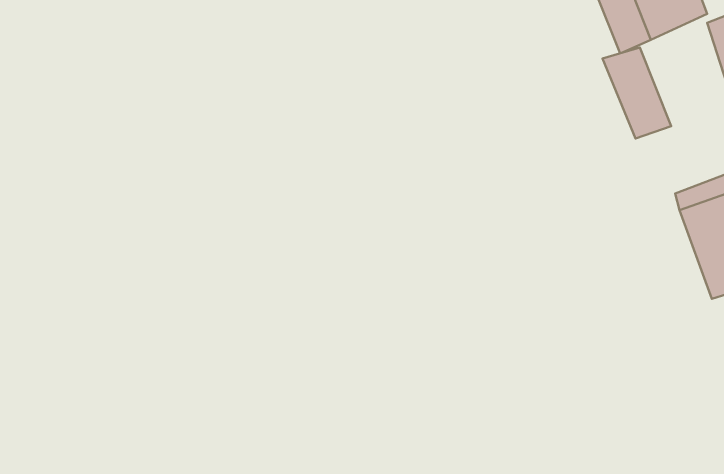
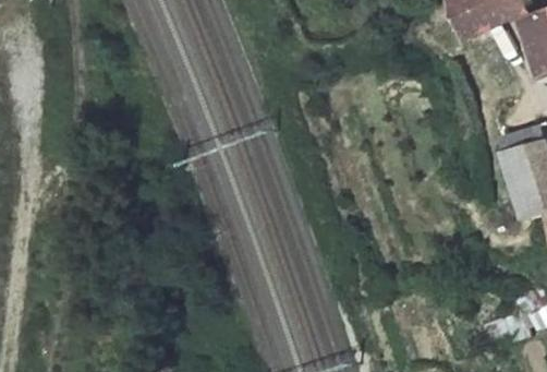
building: [603,48,671,139] -> none

